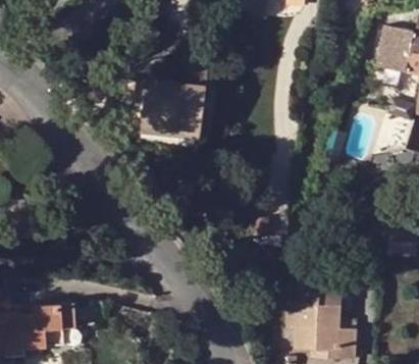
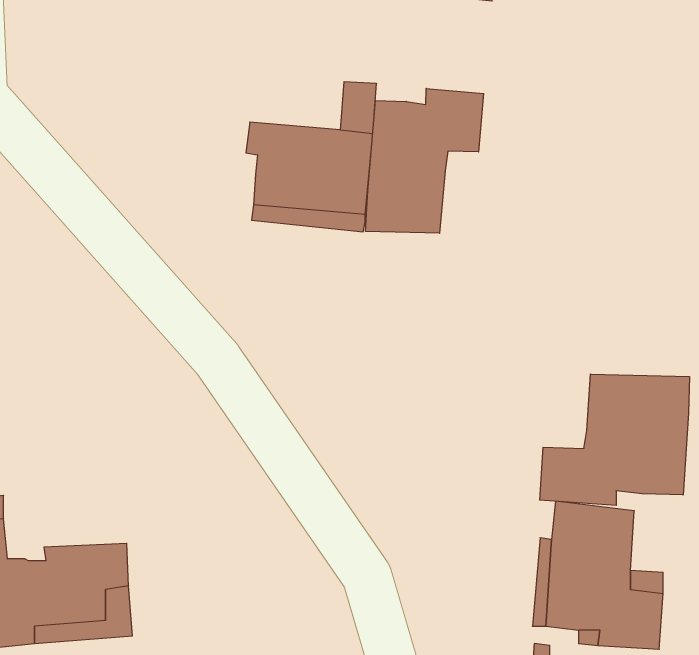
building: none -> [366,88,484,233]
building: none -> [540,374,689,505]

